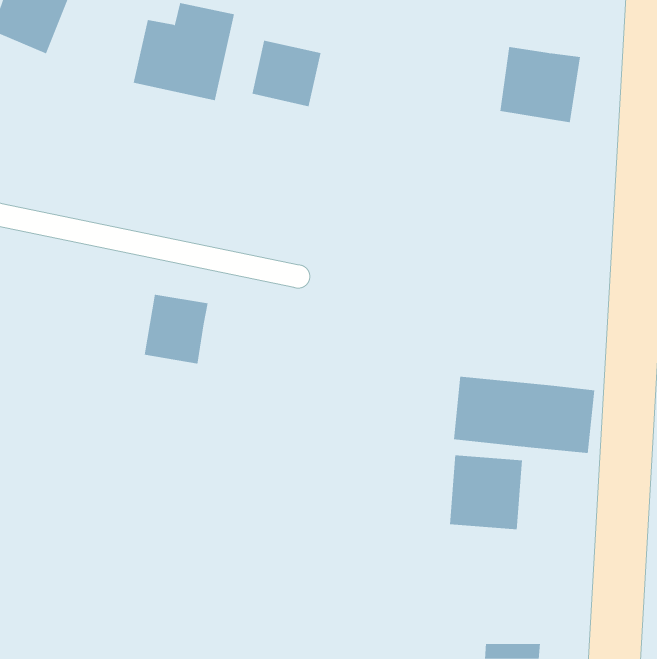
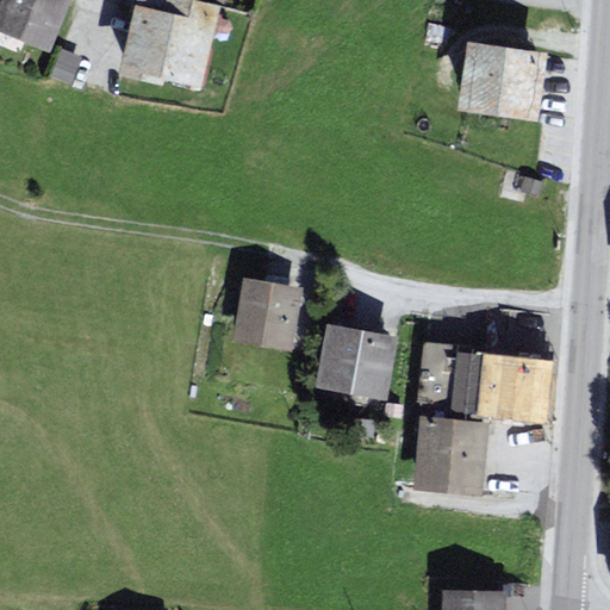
building: [252,40,321,107] -> none
building: [144,294,209,364] -> [235,280,294,344]
building: none -> [323,328,390,392]

